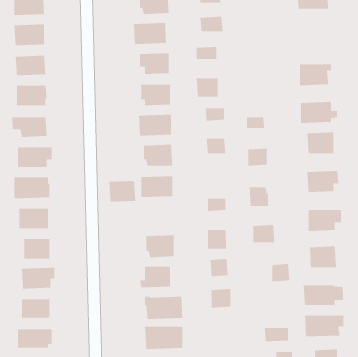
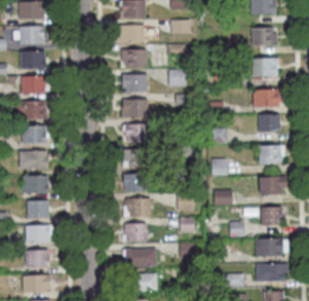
building: none -> [252,28,276,46]
building: [109,180,136,203] -> [123,175,146,193]

